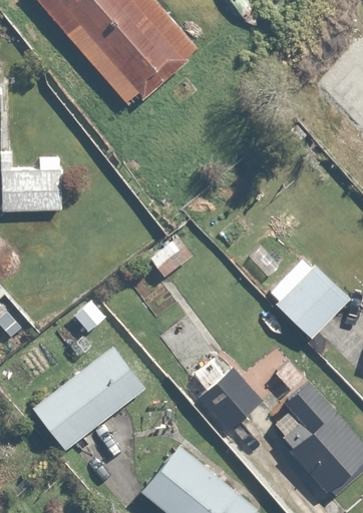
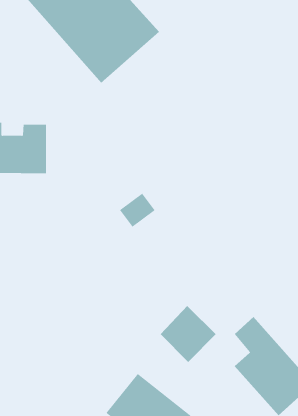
building: [263,254,351,343] -> none
building: [33,344,146,449] -> none

